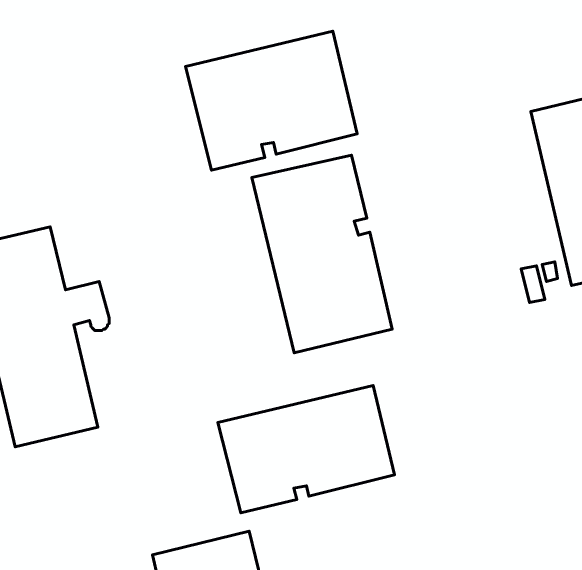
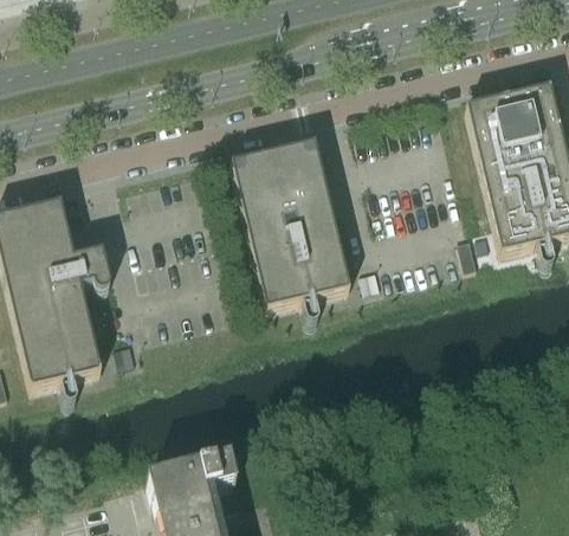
building: [186,31,357,170] -> none
building: [218,385,394,513] -> none

